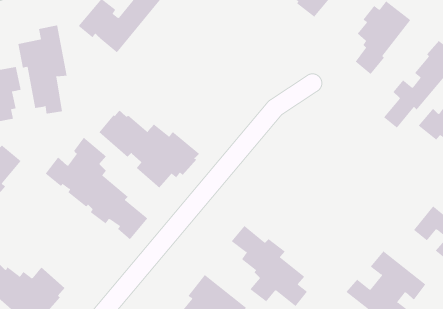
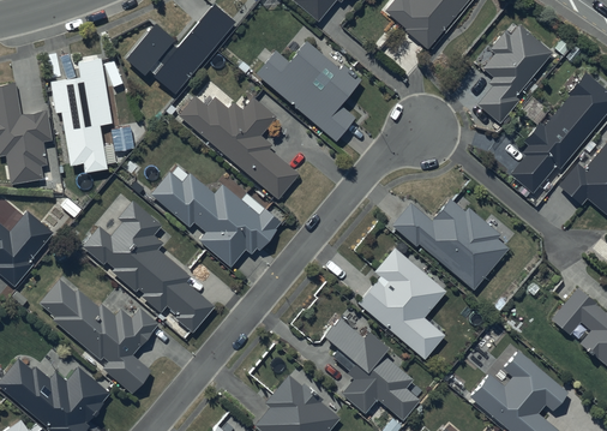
building: none -> [256,40,360,142]
building: none -> [179,96,300,199]
building: none -> [391,199,507,288]
building: none -> [357,247,446,359]
building: none -> [40,279,158,394]

